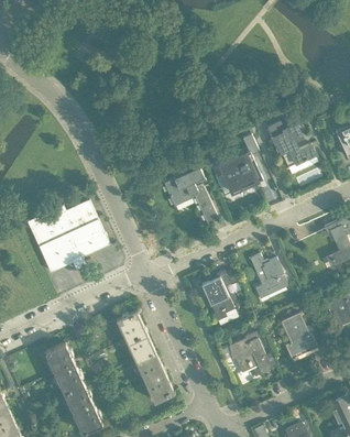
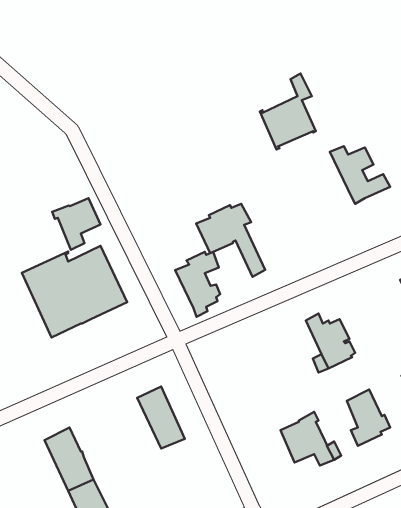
building: [218,134,262,194] -> [260,74,316,149]
building: none -> [52,198,100,250]
building: [200,270,236,320] -> [175,252,220,317]
building: [135,351,173,400] -> none

